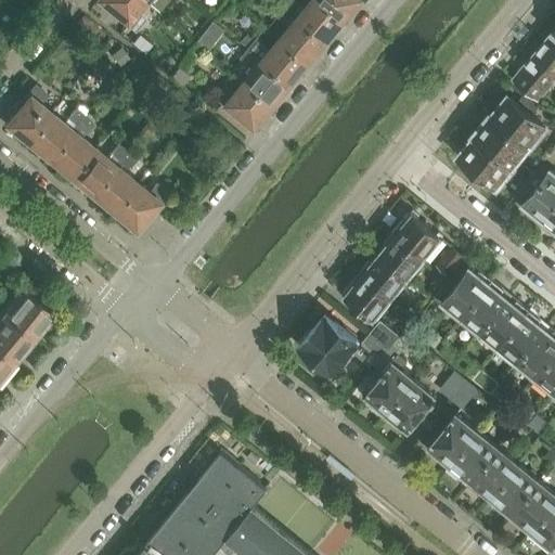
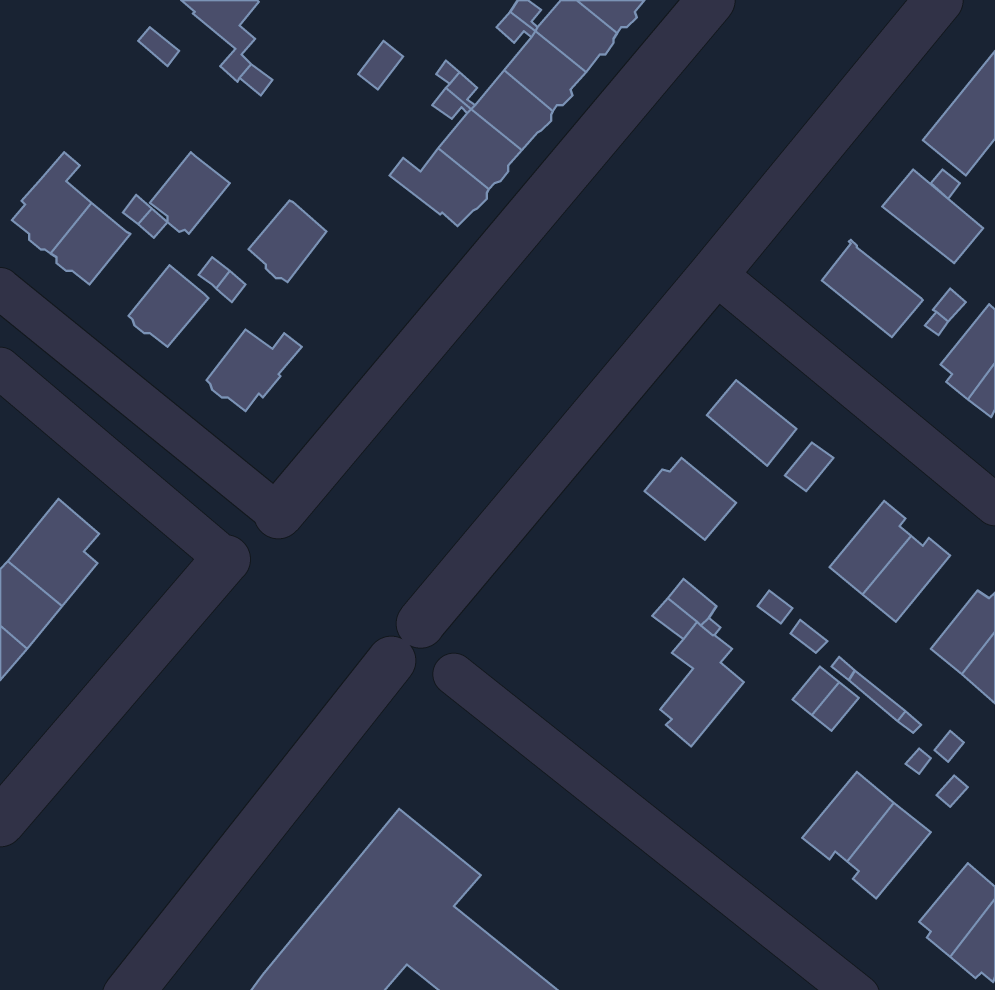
building: [474,117,531,169] -> none
building: [50,133,94,179] -> [150,152,230,234]
building: [93,169,137,215] -> [248,200,326,282]
building: [379,234,427,283] -> none
building: [437,271,492,319] -> none
building: [343,276,392,323] -> none
building: [499,312,544,364] -> none
building: [299,317,360,375] -> none
building: [385,383,437,431] -> none
building: [430,416,477,469] -> none
building: [488,466,539,516] -> none

